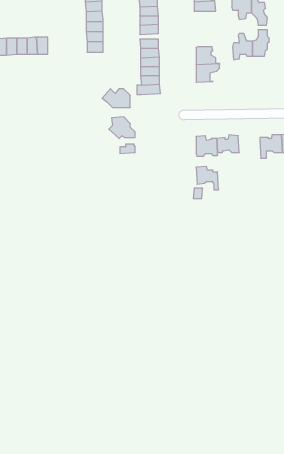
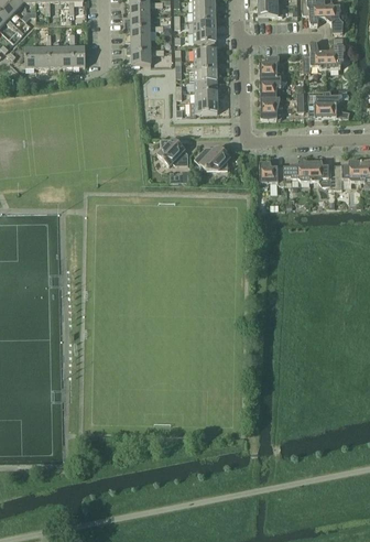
building: none -> [307,89,349,117]
building: none -> [259,97,282,119]
building: [102,89,130,107] -> [194,147,227,169]
building: [196,166,219,190] -> [308,160,335,187]

